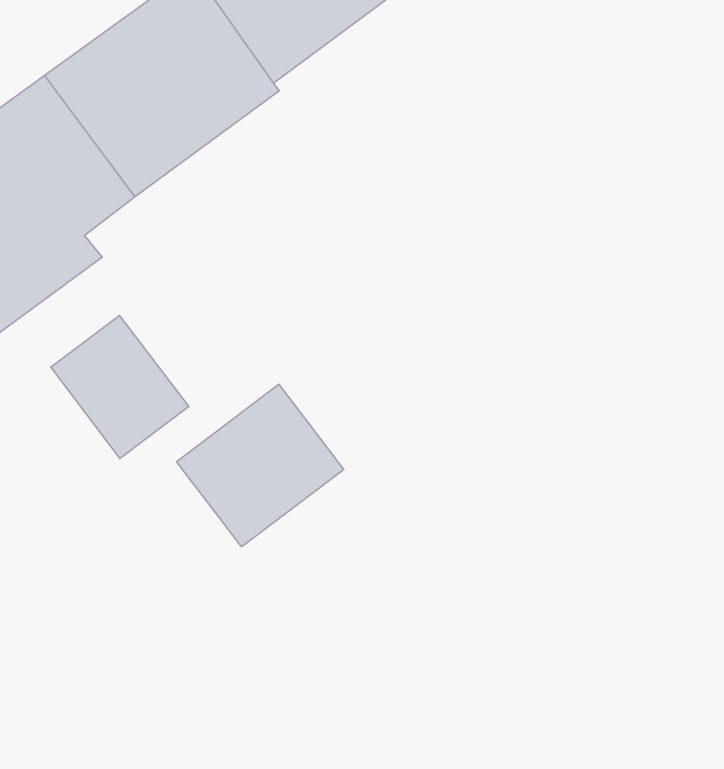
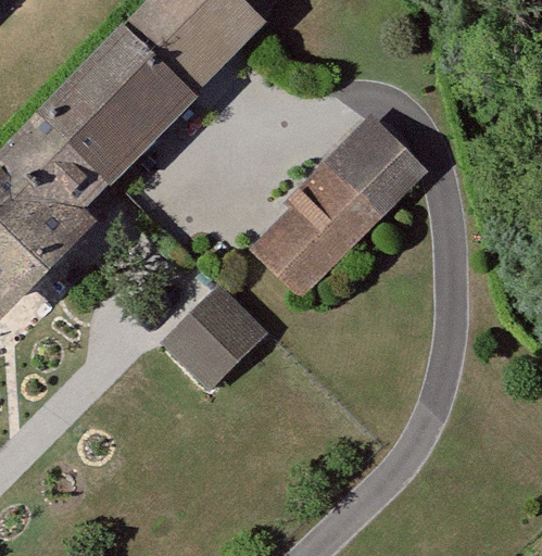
building: none -> [250,117,425,298]
building: [51,315,189,458] -> none

